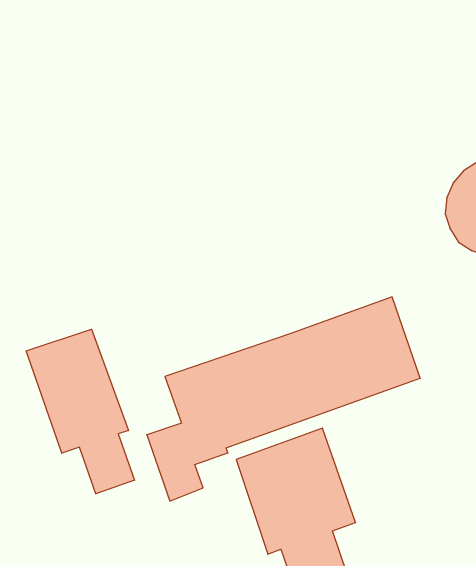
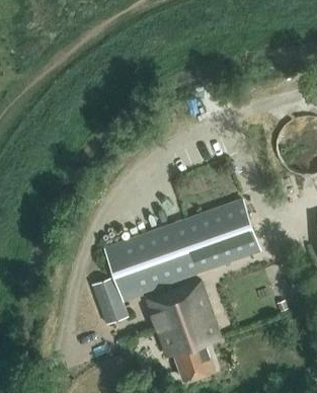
building: [26,329,135,494] -> none

